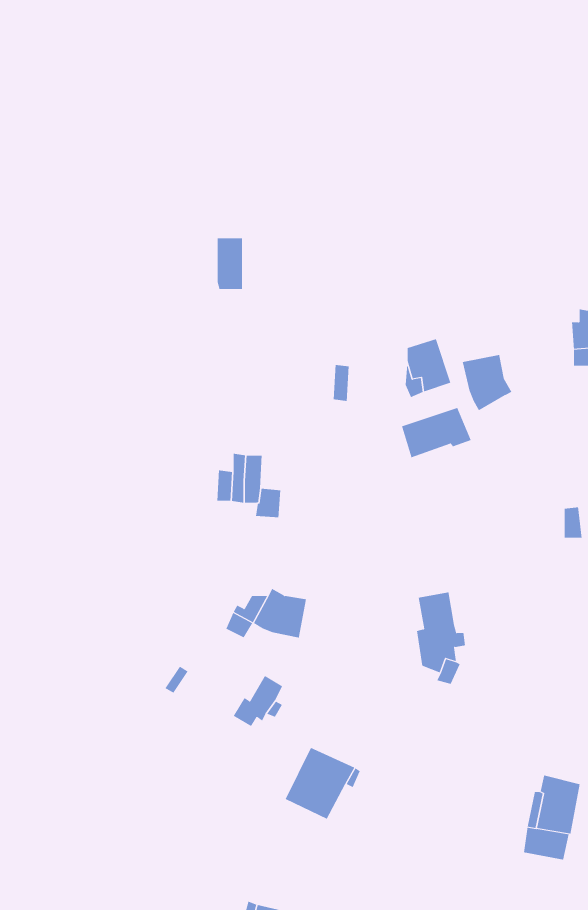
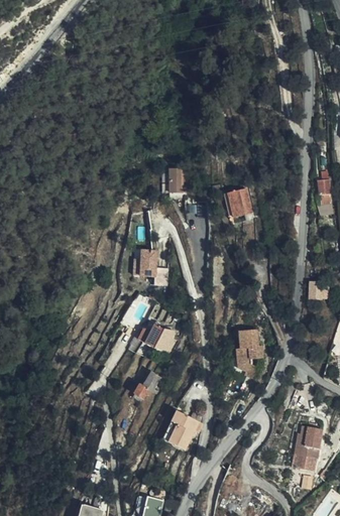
building: [217,238,243,289] -> [168,169,183,198]
building: [462,354,512,411] -> none
building: [402,407,472,458] -> none

